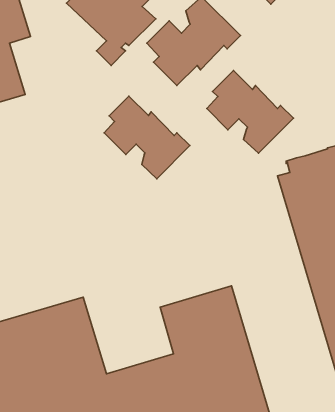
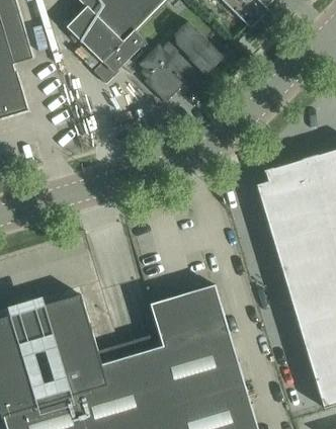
building: [207,70,293,153] -> none
building: [104,96,190,179] -> none

